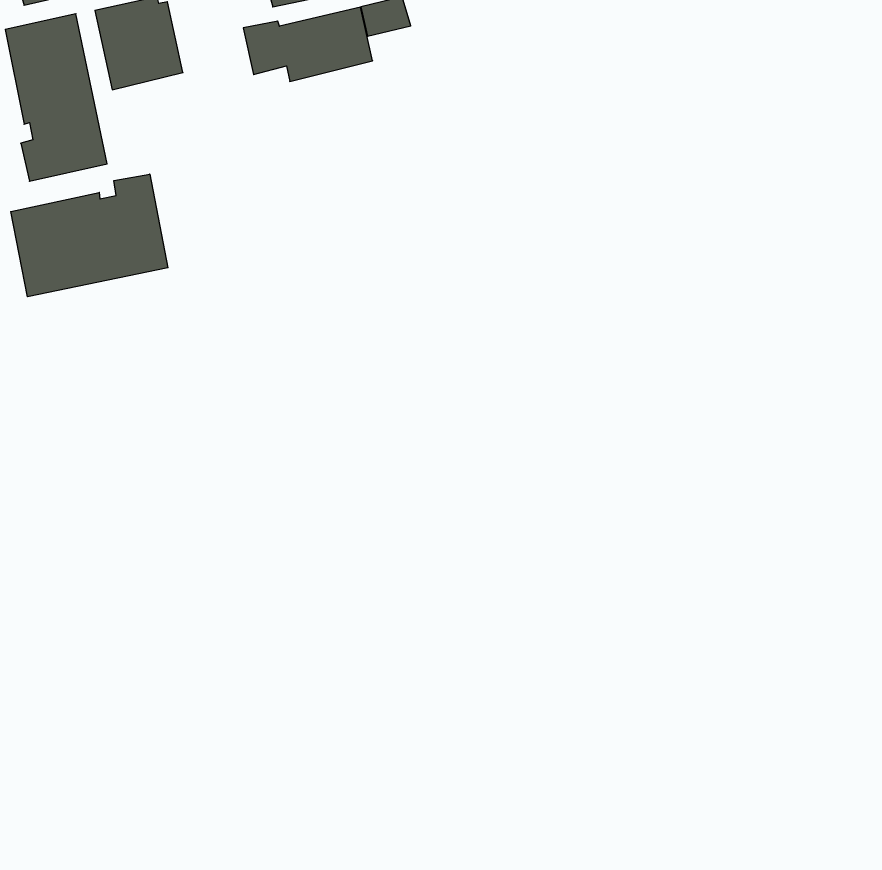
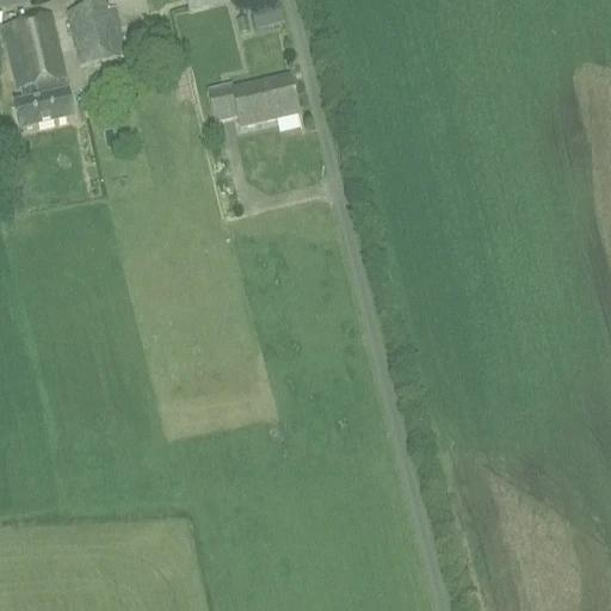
building: [243,7,373,81] -> [208,72,297,123]
building: [11,174,168,297] -> none

